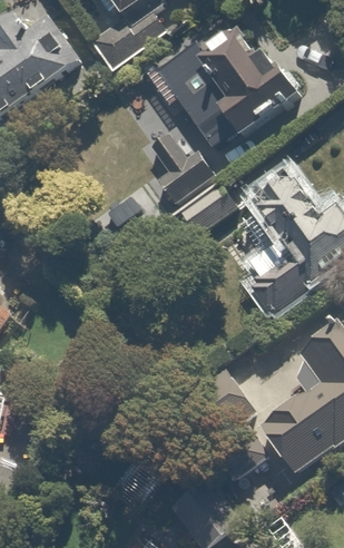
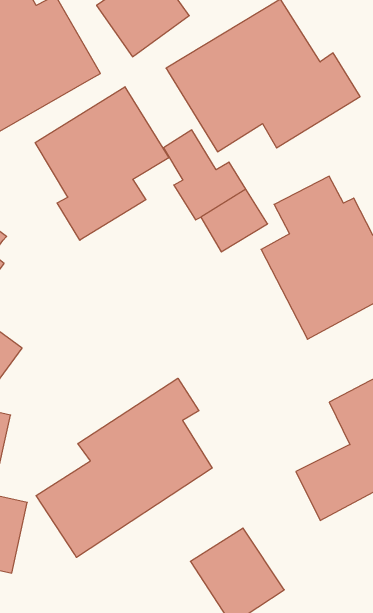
building: none -> [35,87,169,240]
building: none -> [36,378,212,557]

